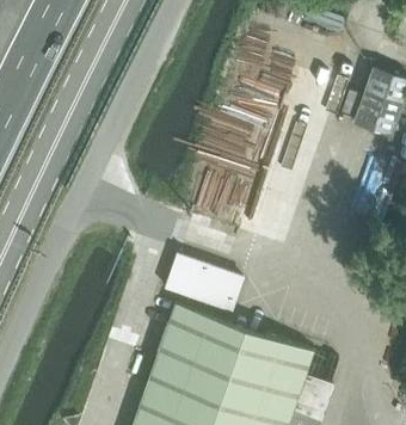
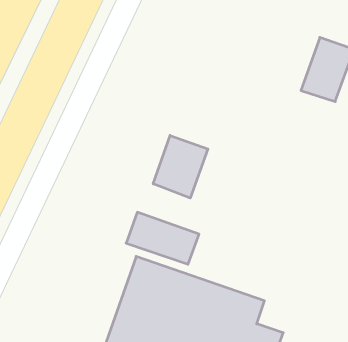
building: none -> [153,135,208,198]

